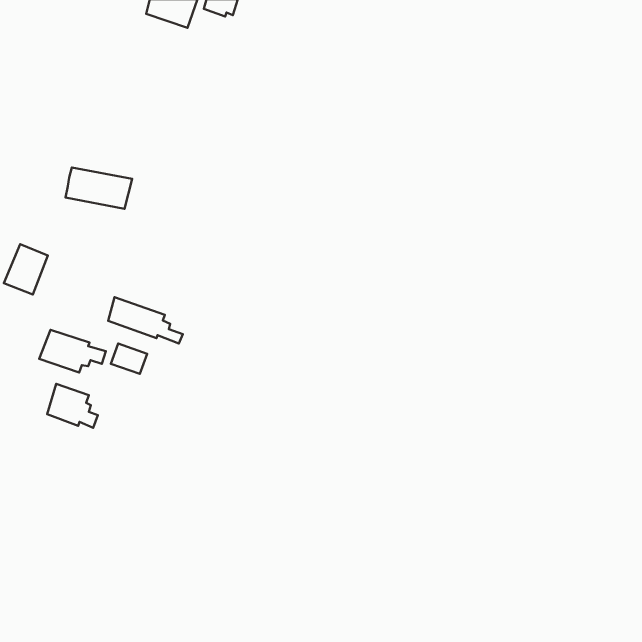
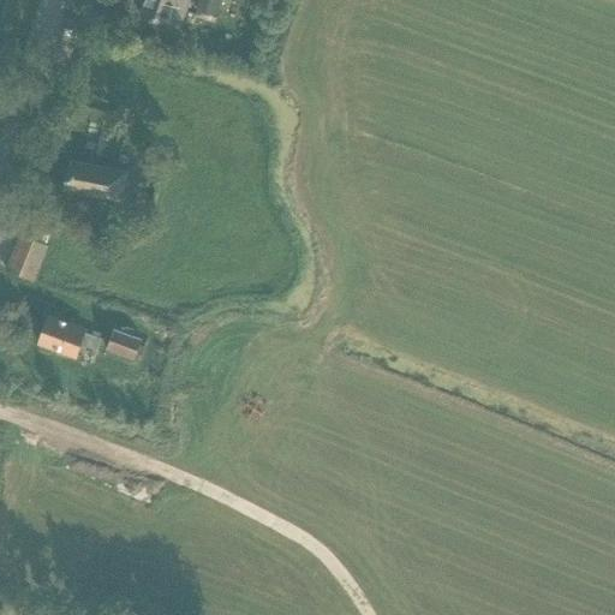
building: [108,297,183,343] -> none
building: [47,384,98,428] -> none

